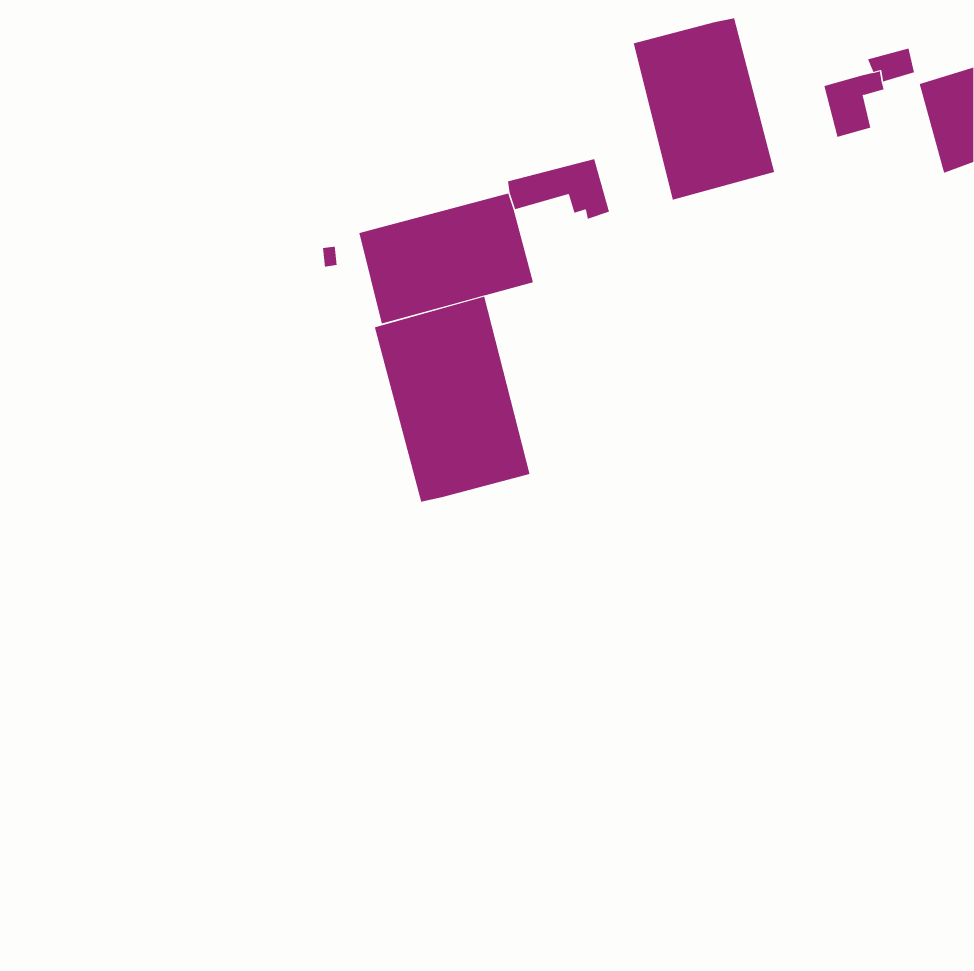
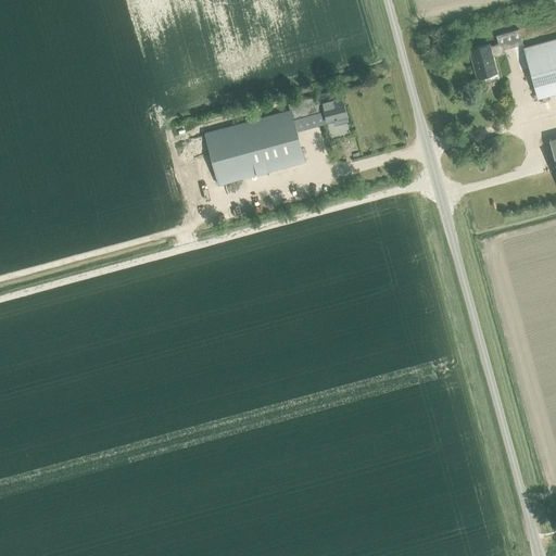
building: [633,18,775,201] -> none
building: [374,296,530,502] -> none

